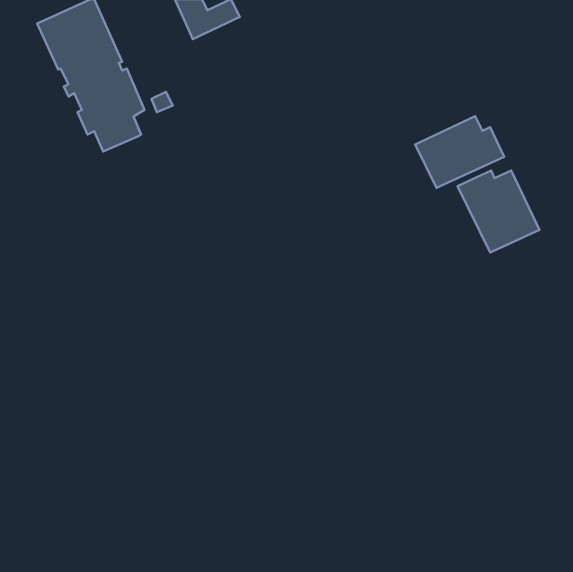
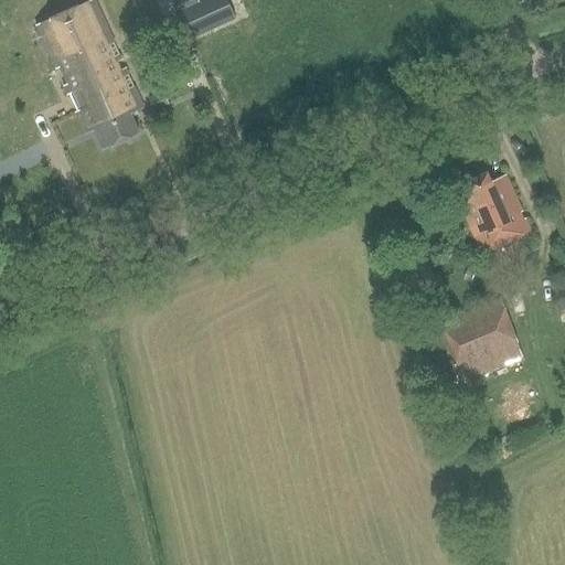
building: [415,116,504,188] -> none
building: none -> [440,297,524,381]

